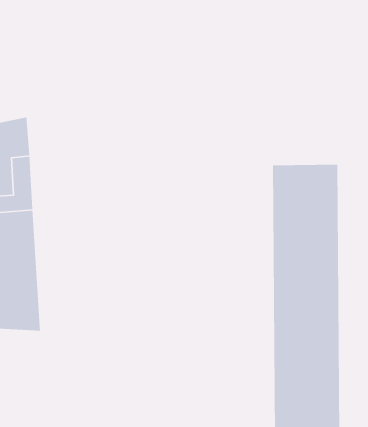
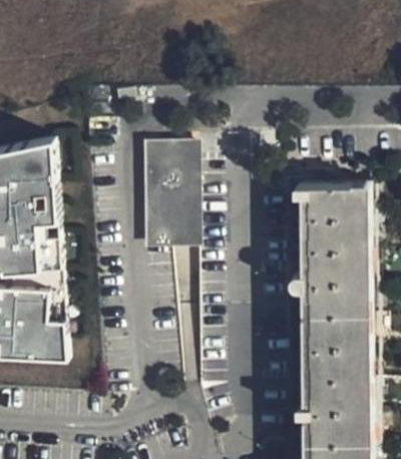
building: none -> [147,144,203,247]

